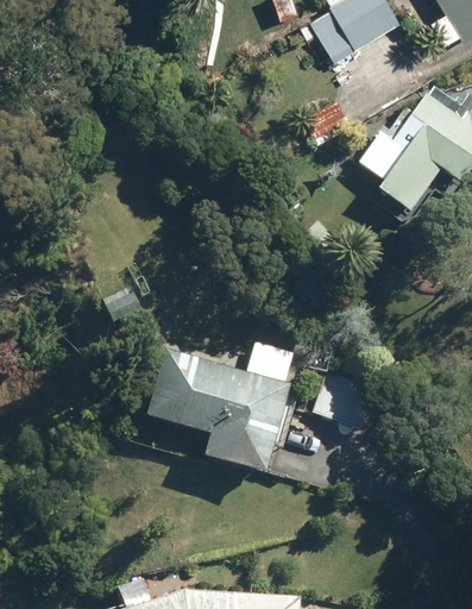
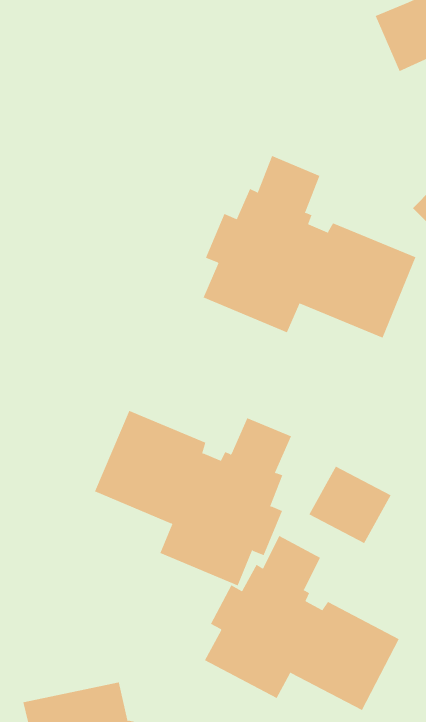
building: none -> [203,155,416,339]
building: none -> [204,535,399,711]

